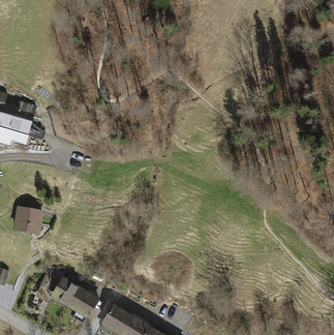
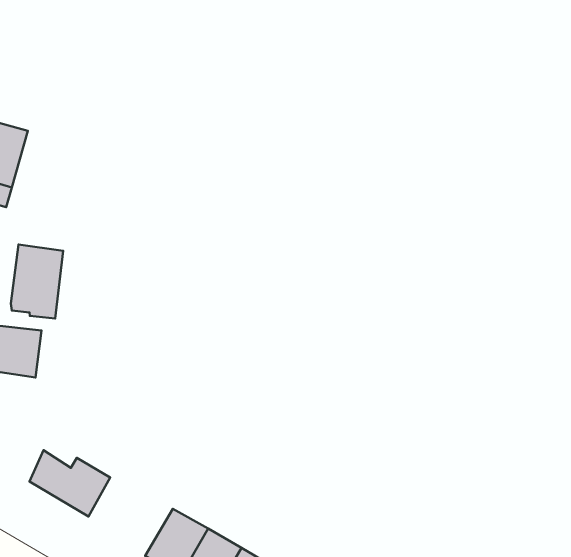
building: none -> [11,245,63,319]
building: [68,286,99,317] -> none

